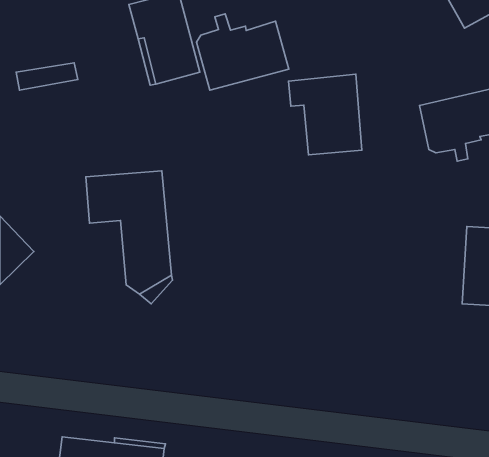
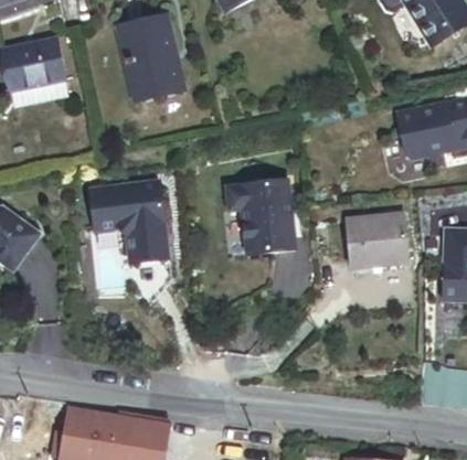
building: [196,14,289,90] -> none
building: none -> [11,36,72,85]
building: [288,74,362,155] -> [227,178,296,253]
building: none -> [341,207,404,266]

